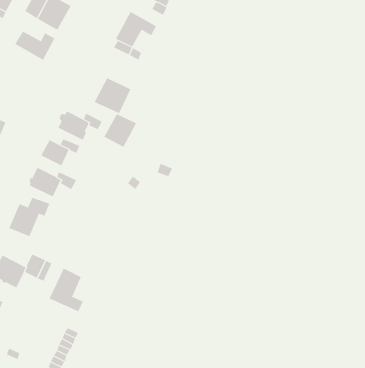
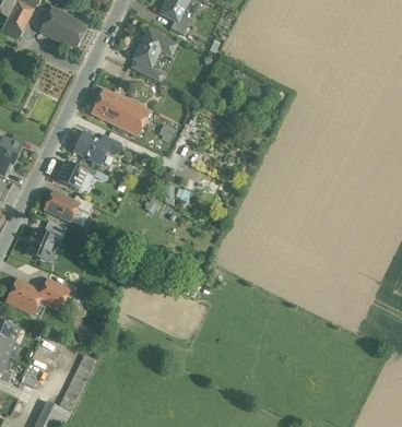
building: [14,31,55,60] -> none
building: [104,113,137,148] -> [91,88,125,123]
building: [49,268,83,312] -> none

